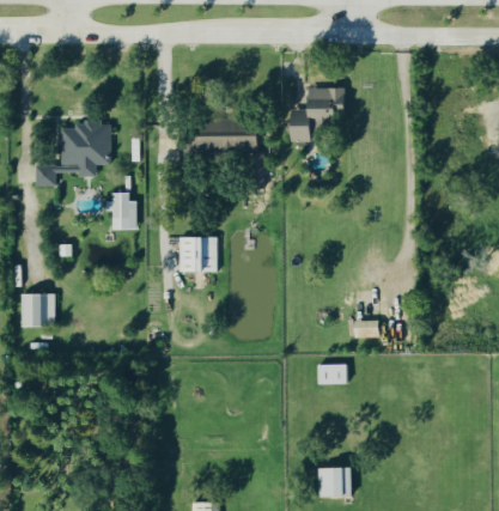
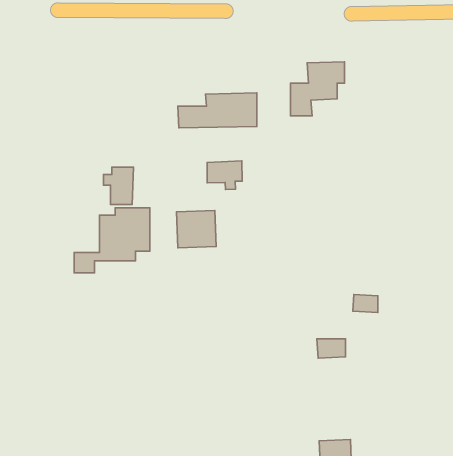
building: [34,121,109,185] -> [74,208,150,273]
building: none -> [207,161,242,189]
building: [19,293,54,327] -> none

